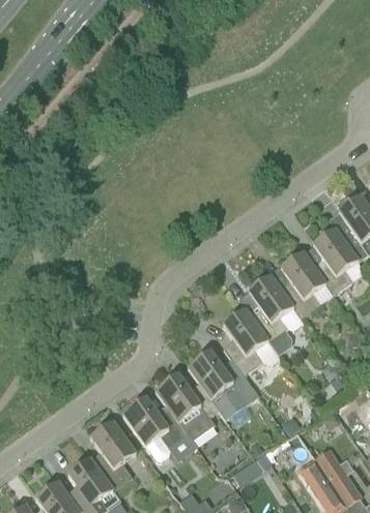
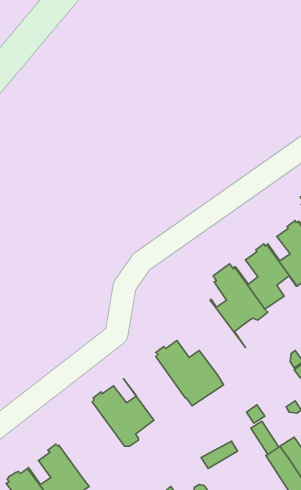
building: [224,308,281,396] -> none
building: [155,367,219,440] -> none
building: [89,421,136,491] -> none

